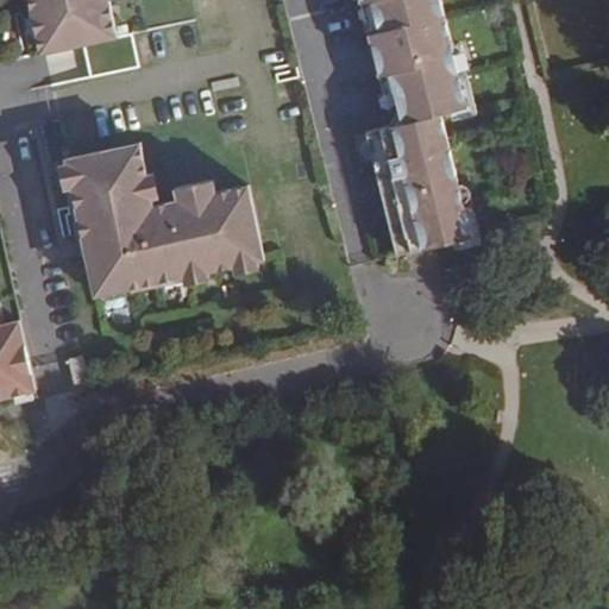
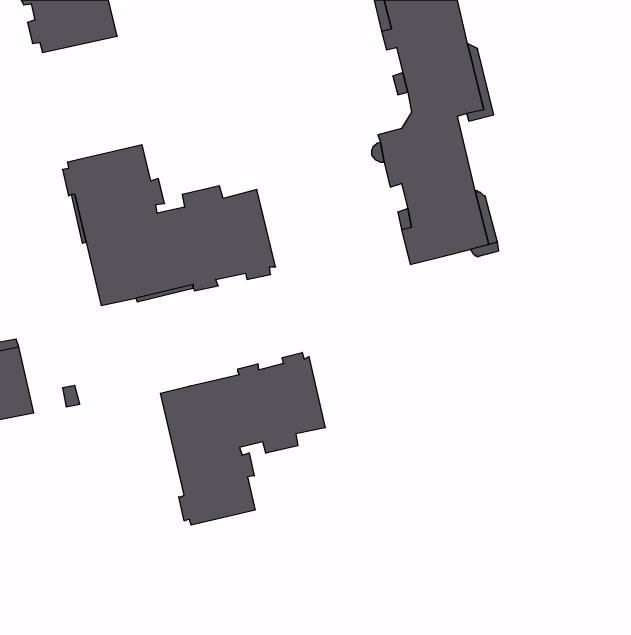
building: none -> [160,352,325,525]

